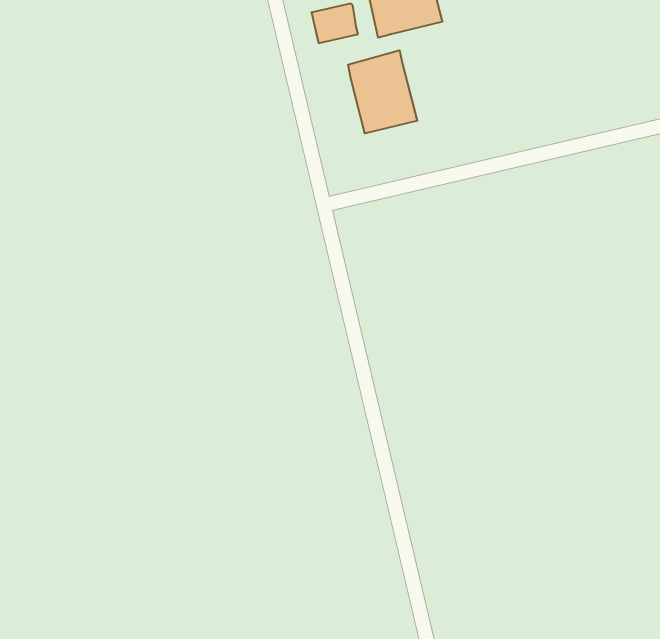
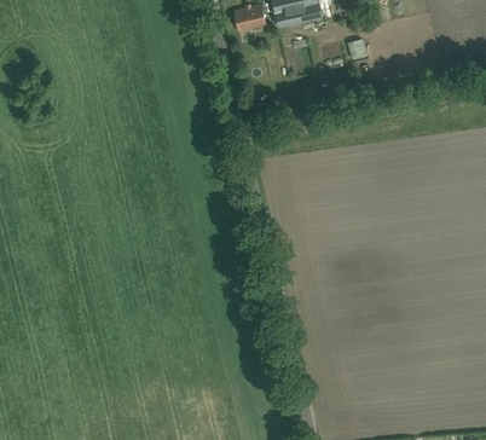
building: [348,50,417,133] -> none

